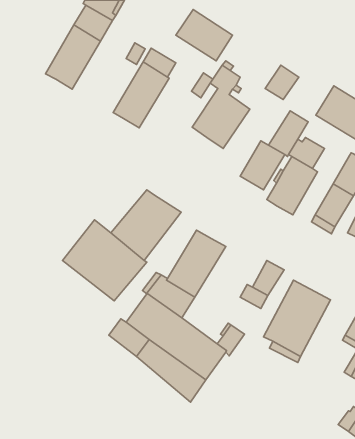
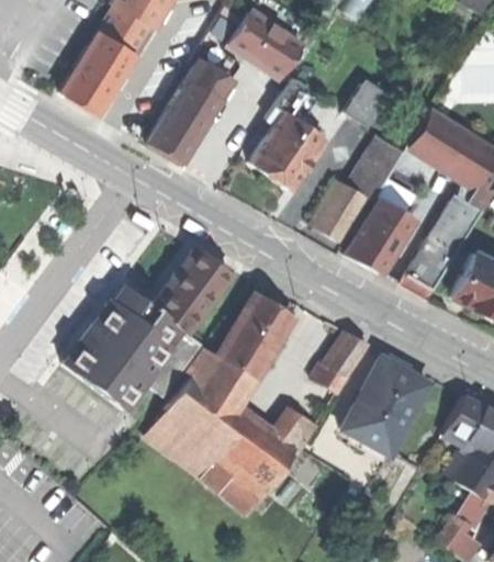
building: none -> [64,333,151,411]

